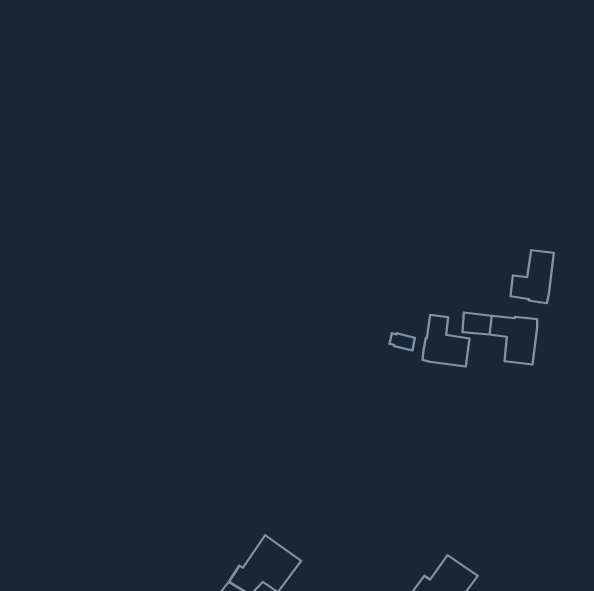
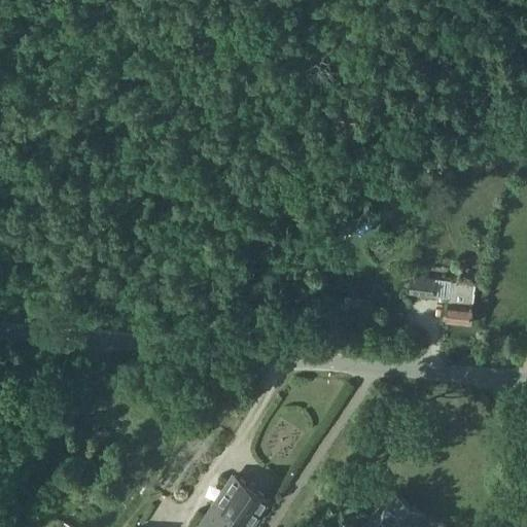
building: [510,250,554,303] -> none
building: [422,315,469,366] -> none

